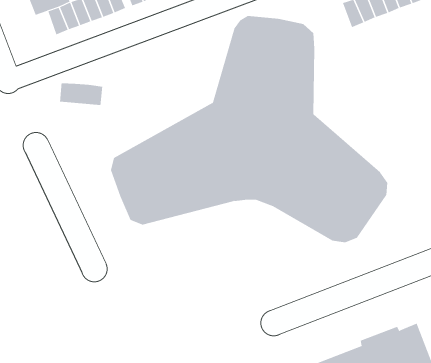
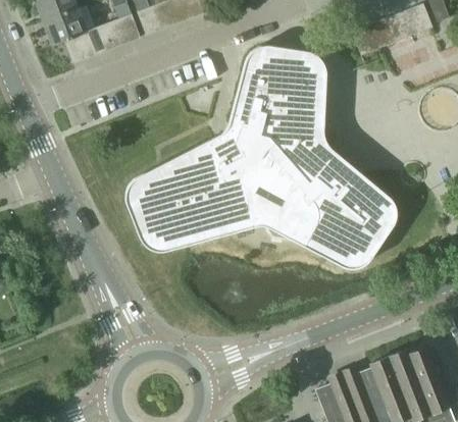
building: [59,82,103,106] -> none

